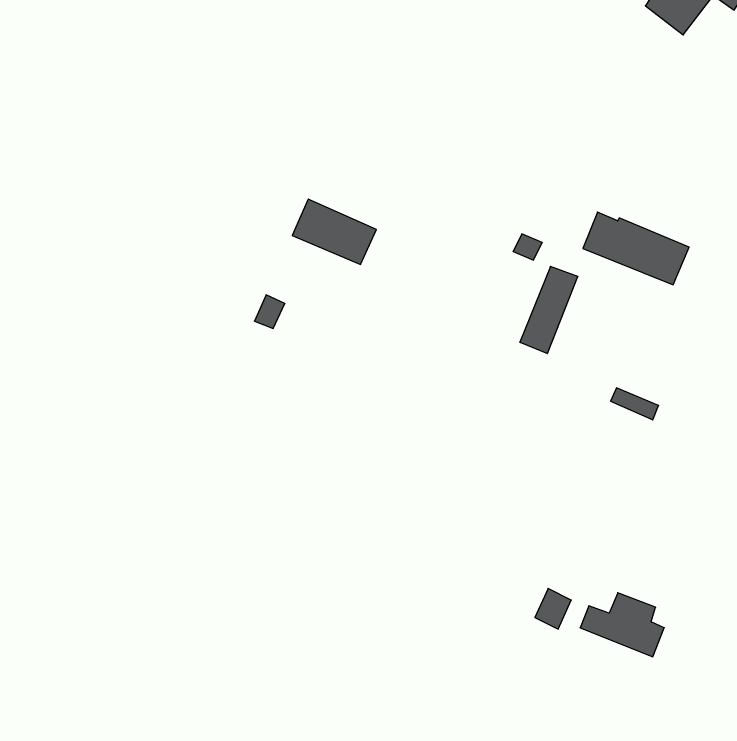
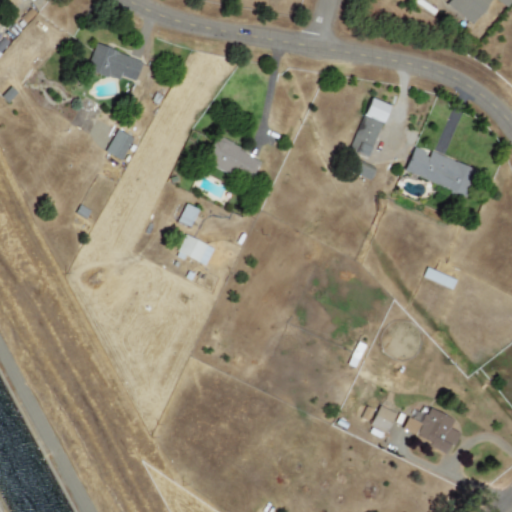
building: none -> [88,44,151,83]
building: none -> [108,129,134,160]
building: [520,266,578,354] -> [351,97,391,157]
building: none -> [178,234,215,266]

